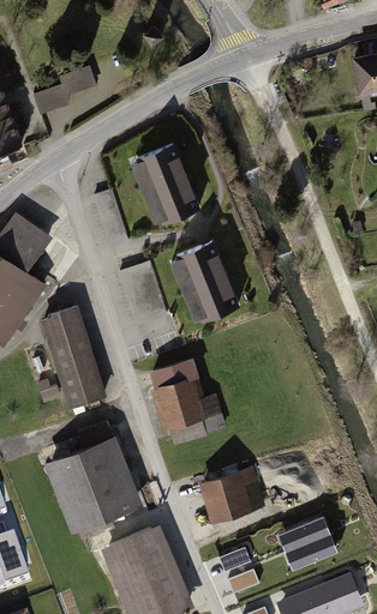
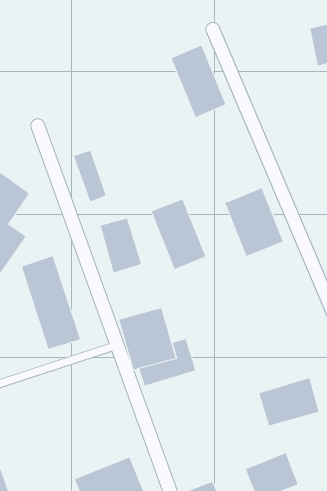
building: [37,66,101,114] -> none
building: [140,145,201,224] -> [171,45,226,118]
building: none -> [224,187,284,257]
building: [38,437,140,534] -> none
building: [197,466,263,519] -> [259,378,320,426]

